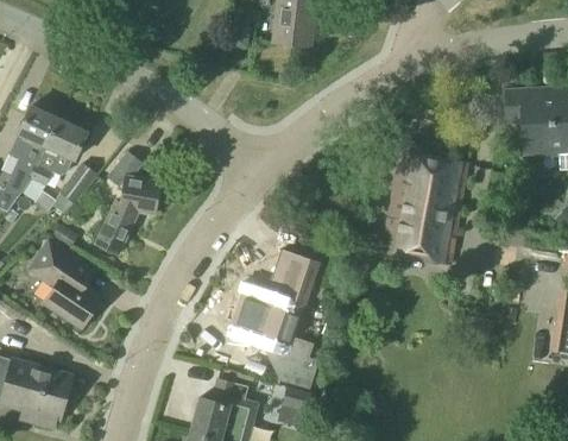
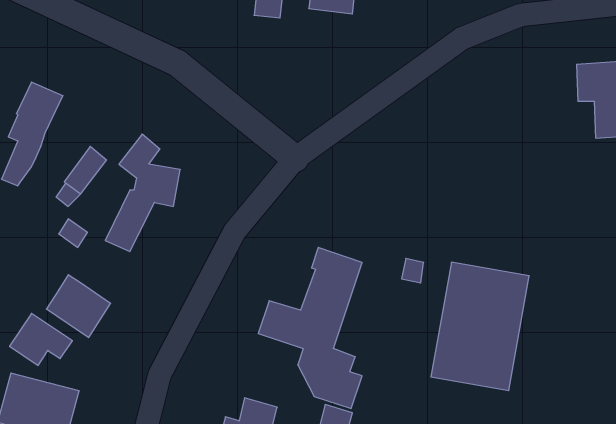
building: [21,118,87,201] -> none
building: [381,151,467,263] -> [431,262,529,391]
building: [30,241,84,286] -> [10,313,72,365]

